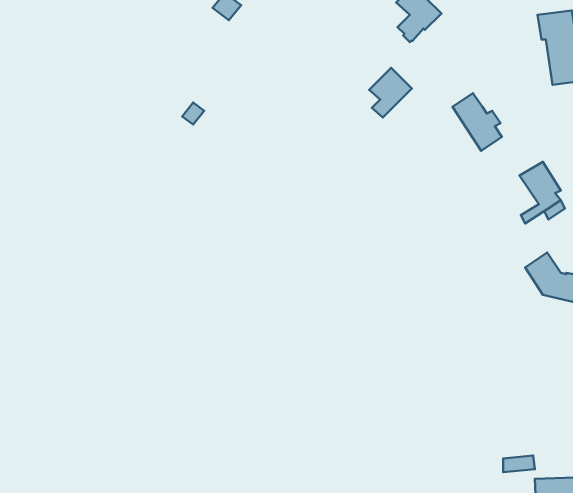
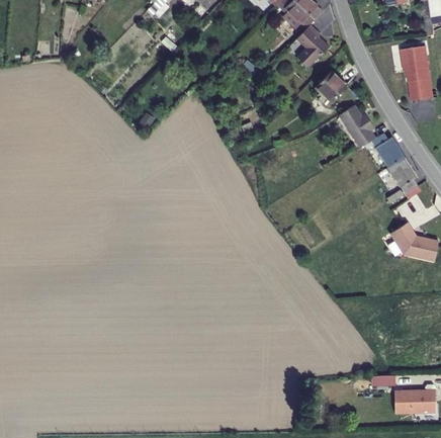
building: [369,68,412,117] -> [316,71,347,107]
building: none -> [371,133,405,167]

